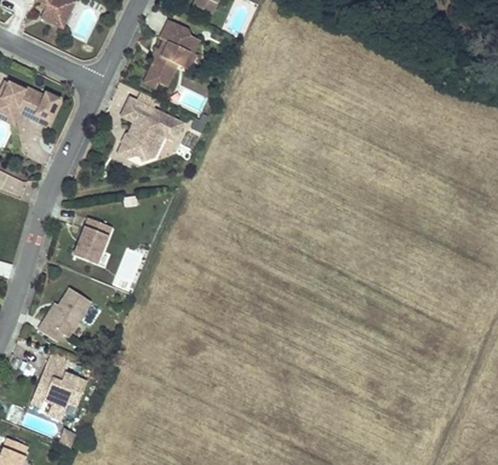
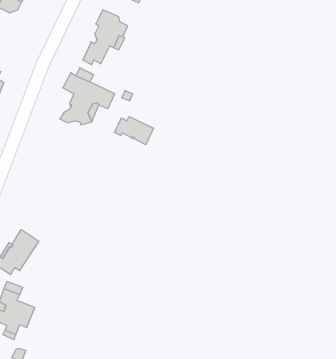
building: none -> [114,117,153,145]
building: [73,217,111,263] -> none

